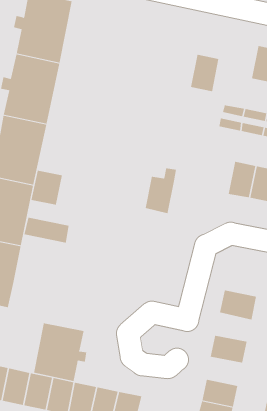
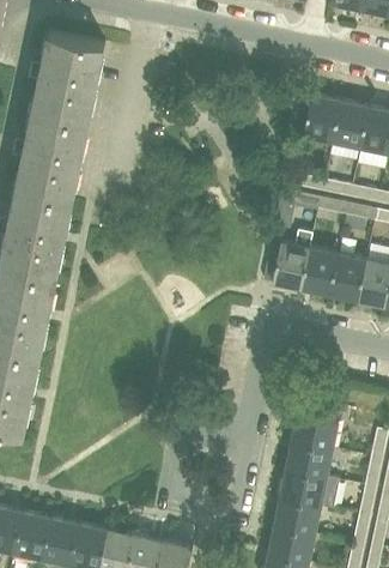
building: [190,54,219,92] -> [303,95,340,143]
building: [145,168,177,214] -> [272,231,312,290]
building: [31,170,63,205] -> none
building: [24,217,69,243] -> none
building: none -> [285,441,333,478]
building: [33,323,87,382] -> none
building: none -> [274,497,321,534]

